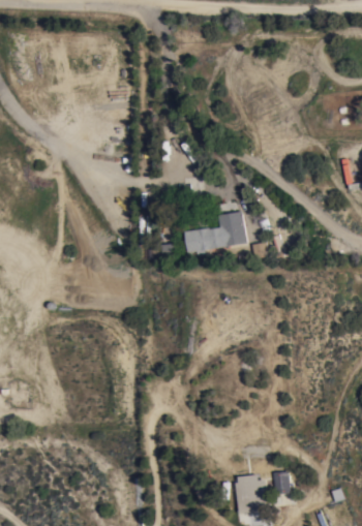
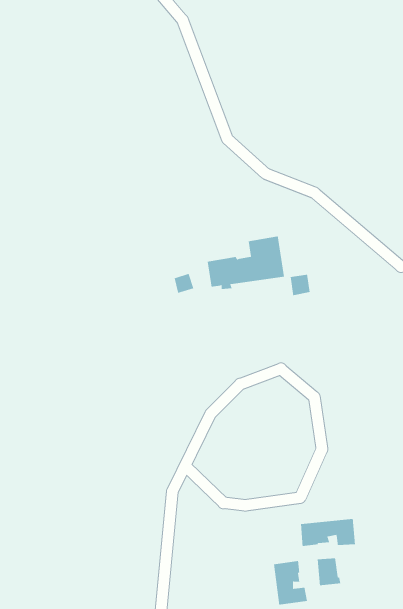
building: none -> [301,518,356,547]

